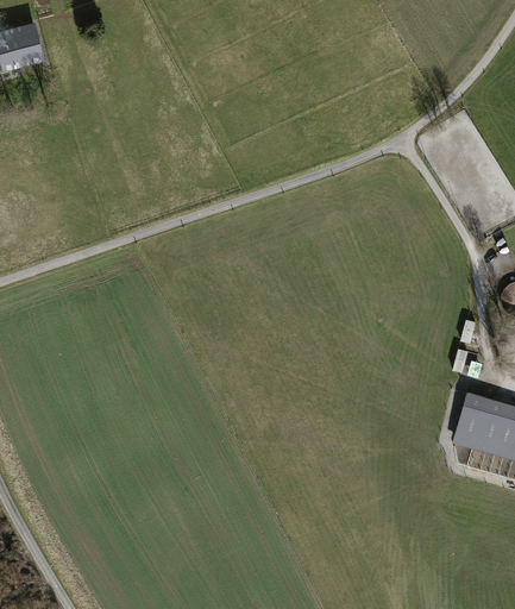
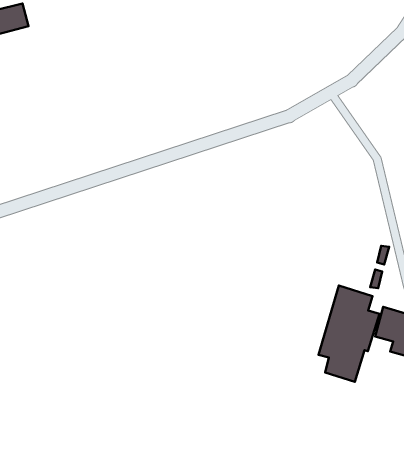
building: none -> [318,285,380,382]

